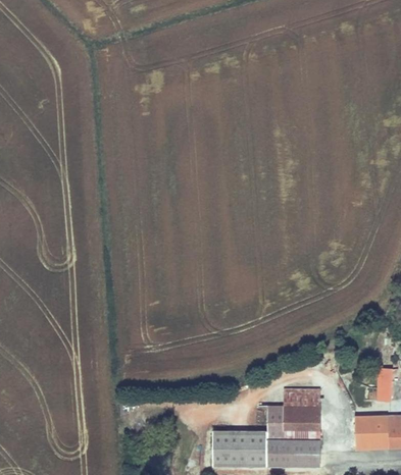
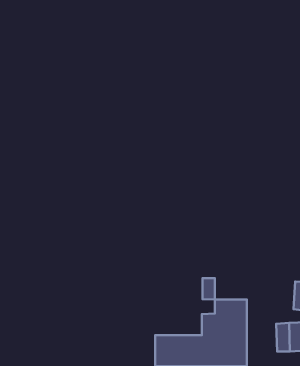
building: none -> [202,278,215,300]

